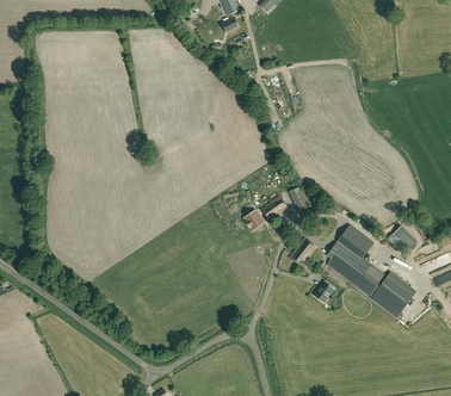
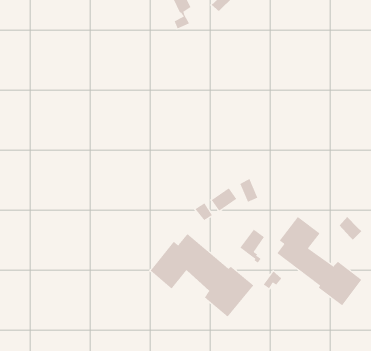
building: none -> [150,233,254,318]

